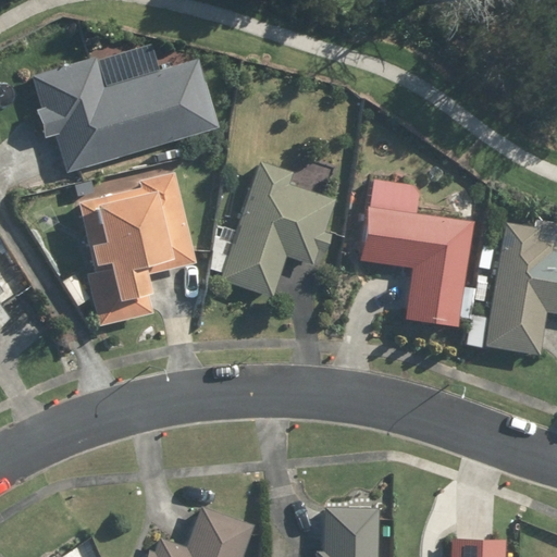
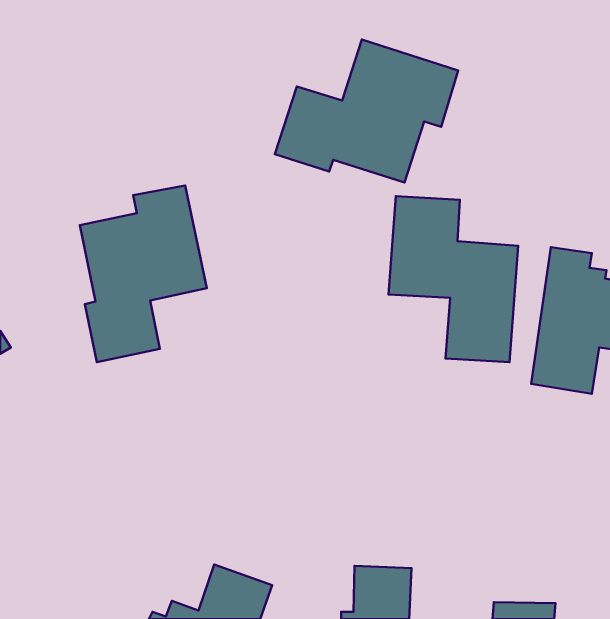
building: none -> [275,39,458,183]
building: [35,58,218,172] -> none
building: [221,163,335,298] -> none

